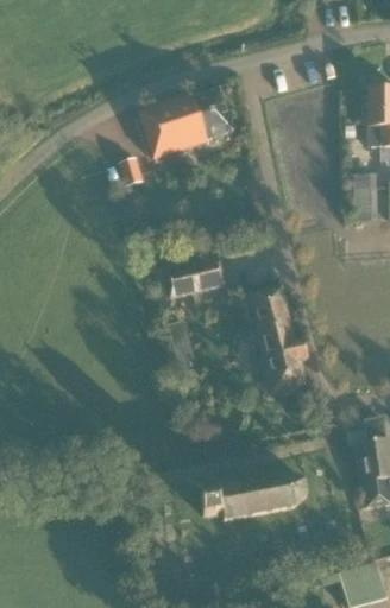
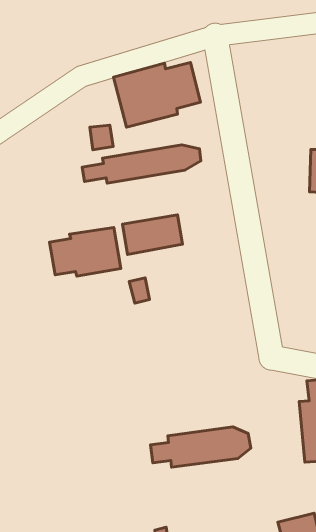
building: none -> [82,145,201,183]
building: none -> [49,227,121,276]
building: [249,289,308,392] -> none

